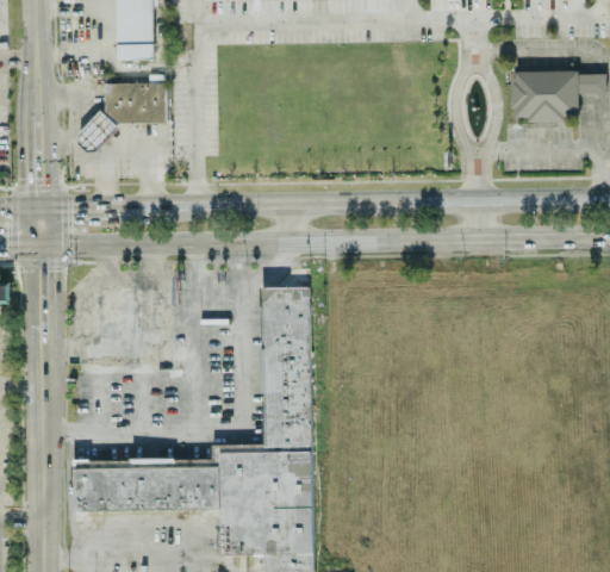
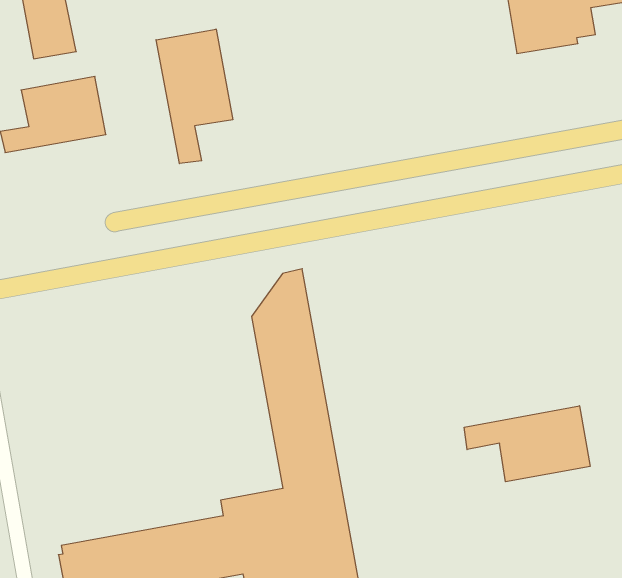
building: none -> [156,29,233,164]
building: none -> [464,406,590,482]

